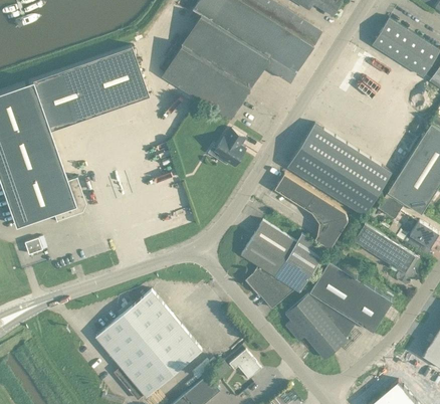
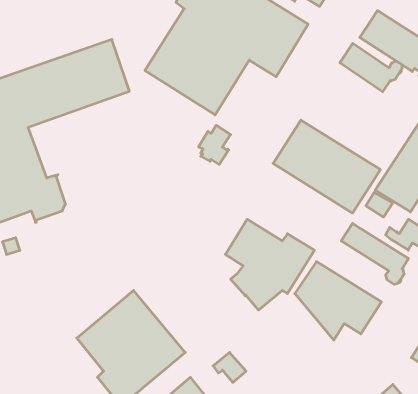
building: none -> [340,43,402,92]
building: [273,174,347,249] -> none
building: [284,293,347,360] -> none

